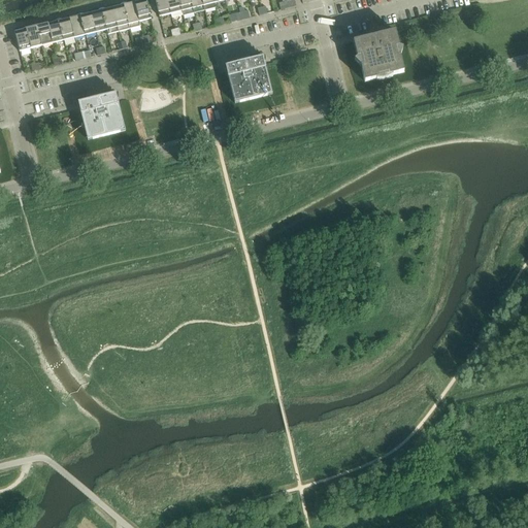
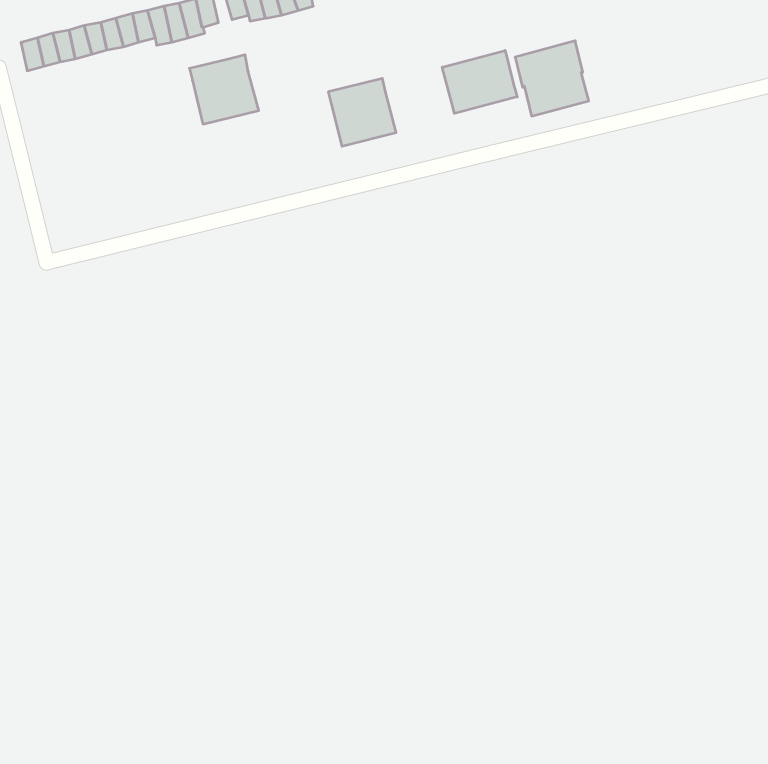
building: none -> [442,50,517,113]
building: [77,90,125,137] -> [189,55,259,124]

